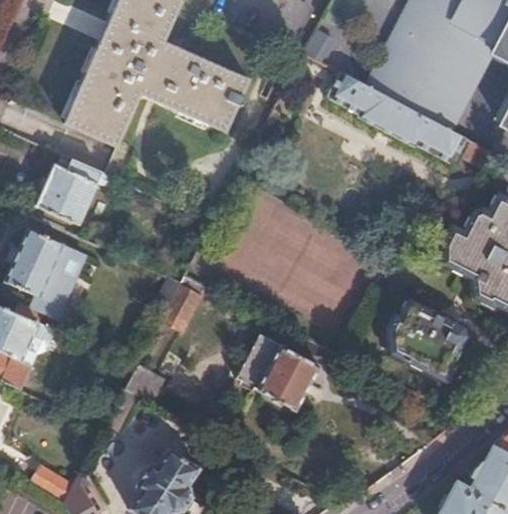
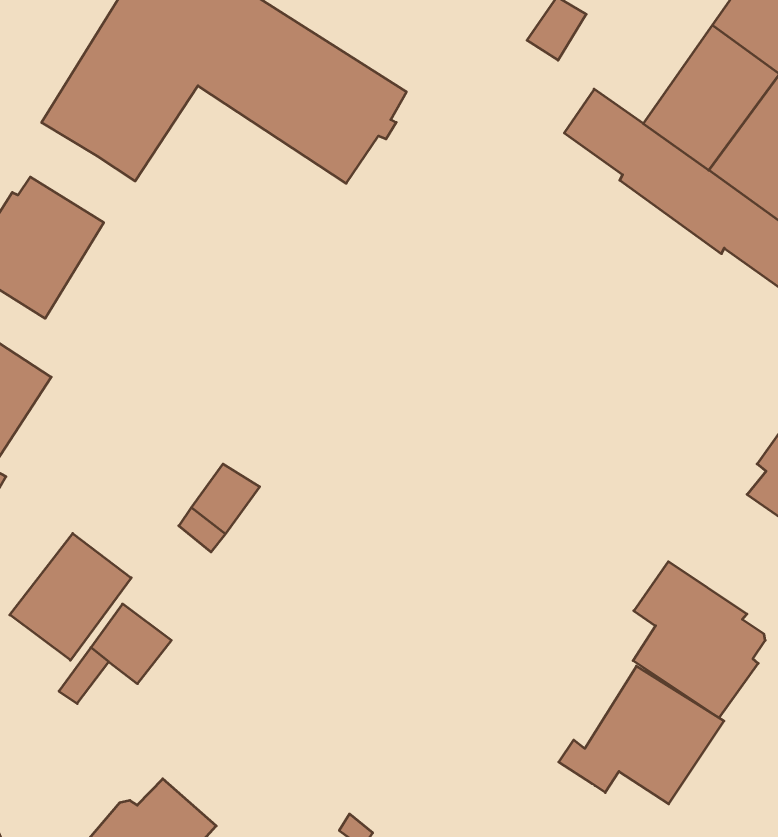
building: none -> [10,533,131,660]
building: [236,333,319,410] -> none
building: none -> [559,666,724,804]

